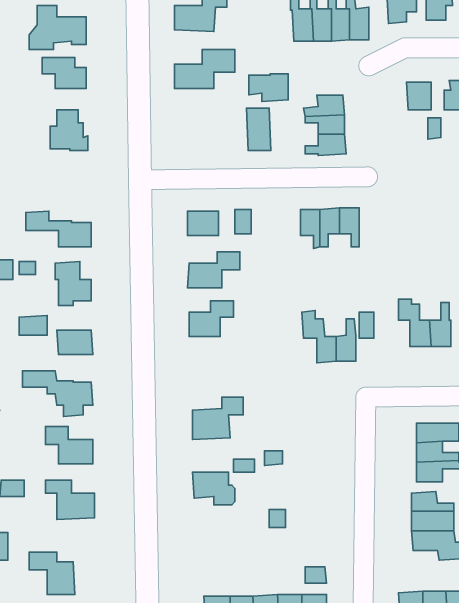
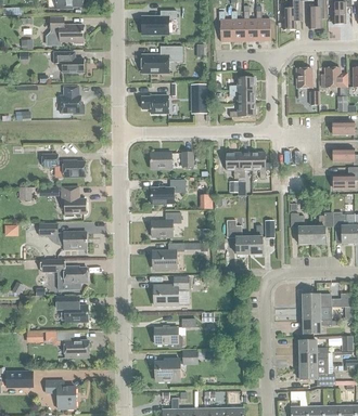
building: [249,74,288,101] -> [141,94,167,113]
building: none -> [152,243,192,268]
building: none -> [154,351,196,380]

